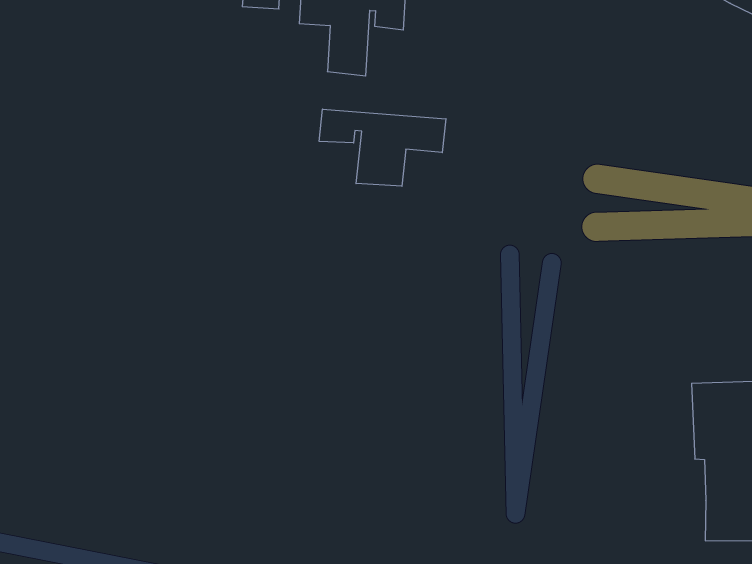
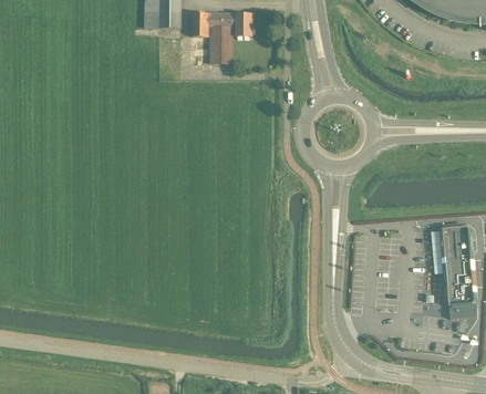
building: [319,109,446,186] -> none

